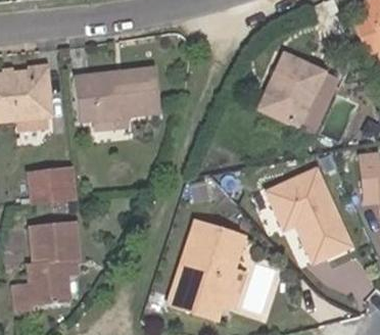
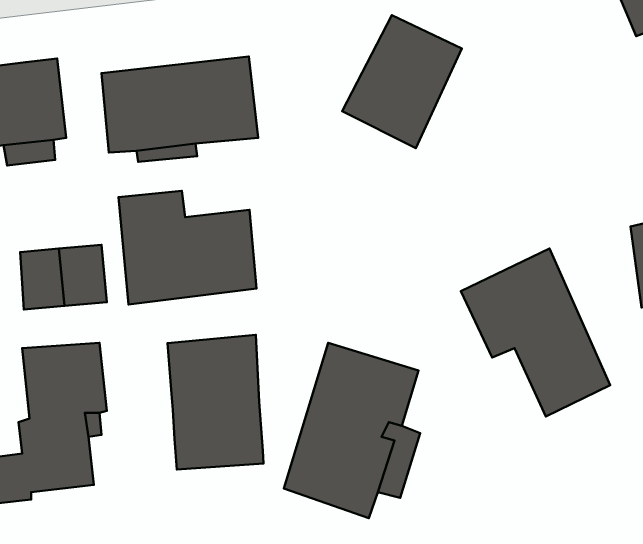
building: [259,58,326,132] -> [342,15,462,148]
building: none -> [119,191,256,305]
building: none -> [167,335,263,470]

